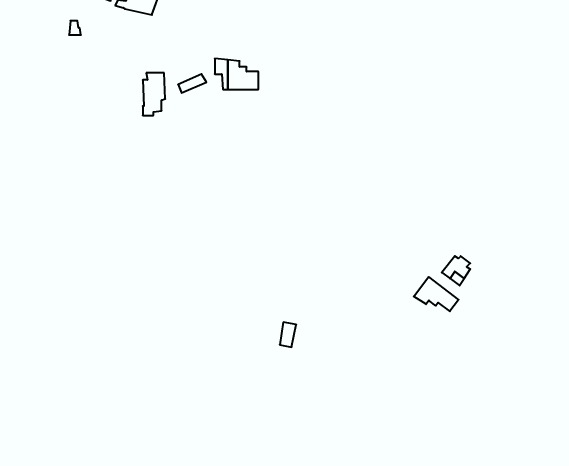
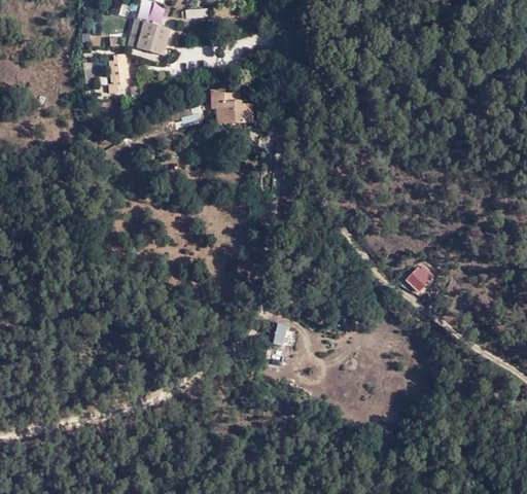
building: [143,73,165,115] -> [109,58,129,95]
building: [414,277,459,311] -> none

